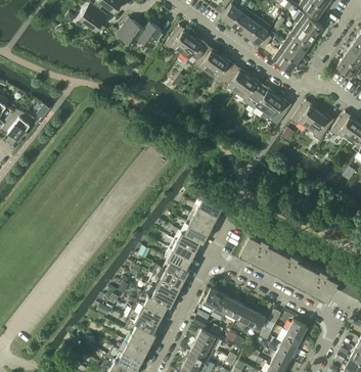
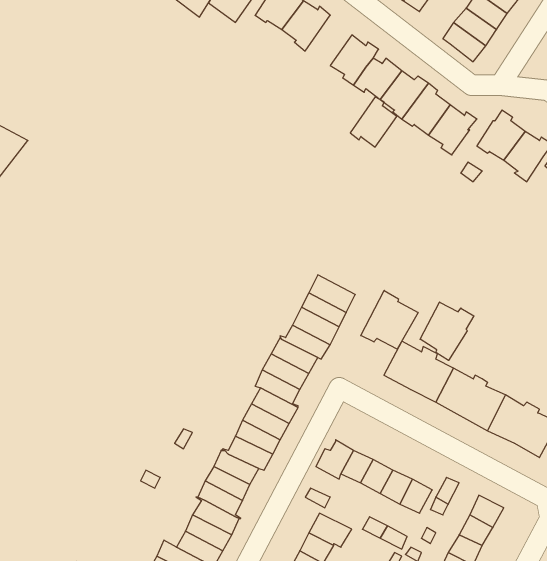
building: [194,46,221,75] -> [350,97,397,147]
building: none -> [361,290,418,349]
building: none -> [420,302,474,360]

